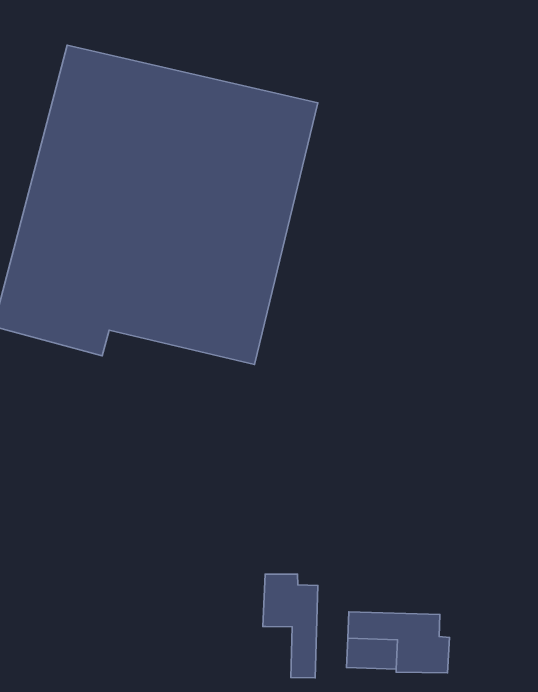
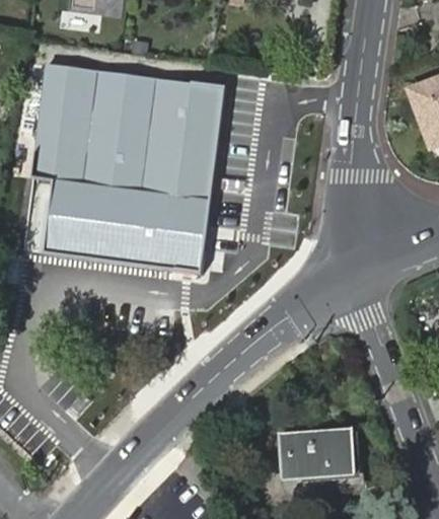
building: [263,574,318,678] -> none

